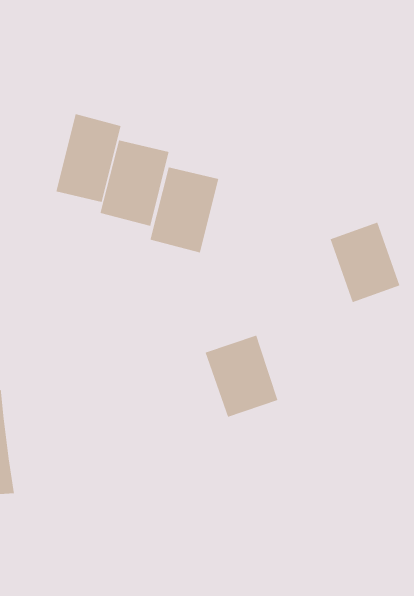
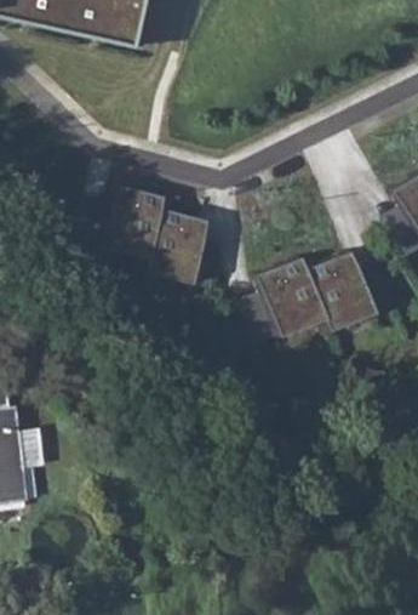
building: [56,113,121,203] -> none
building: [205,335,278,418] -> [258,258,325,334]

